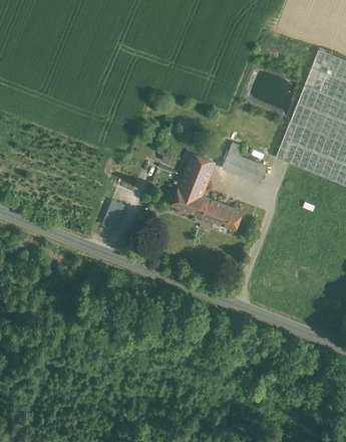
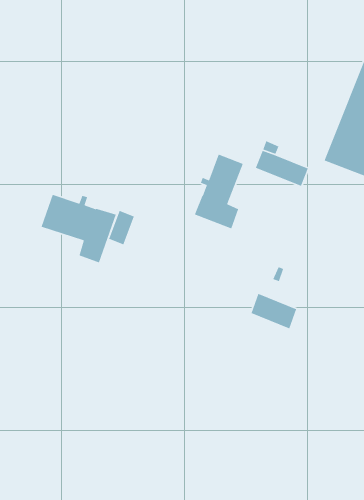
building: none -> [40,194,117,264]
building: [204,198,242,228] -> [251,293,297,329]

